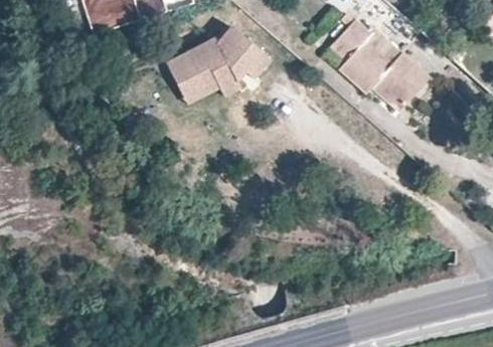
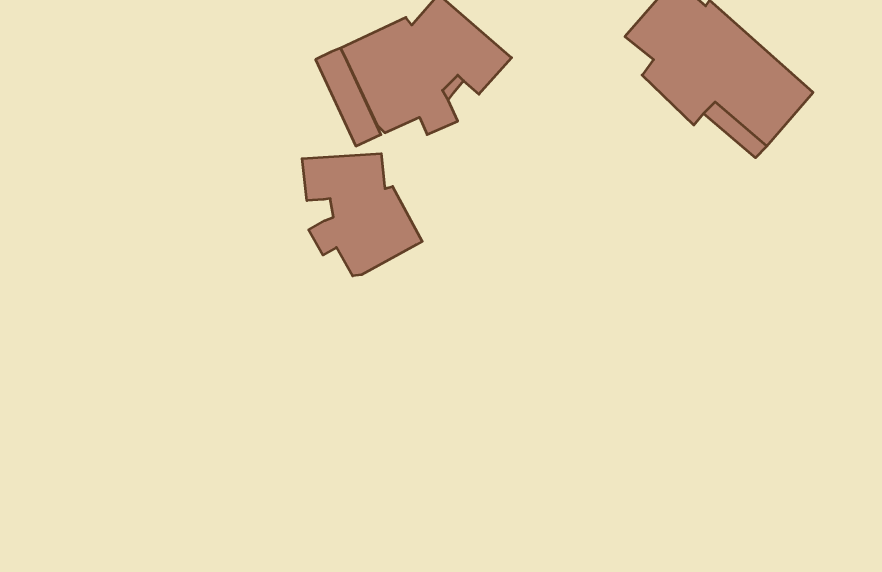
building: none -> [302,154,422,276]

